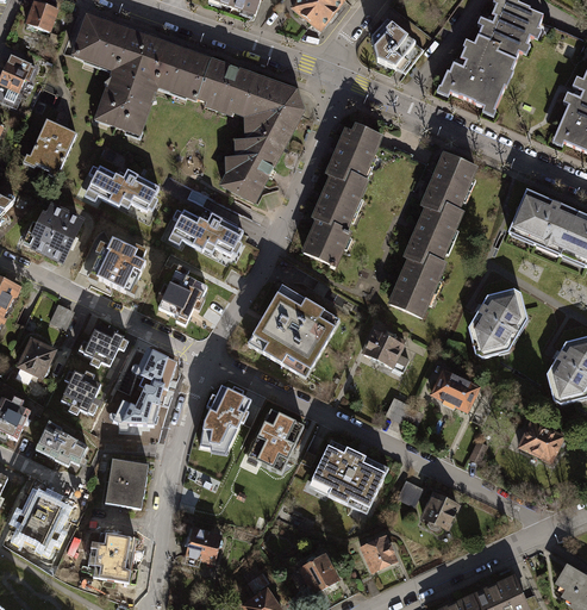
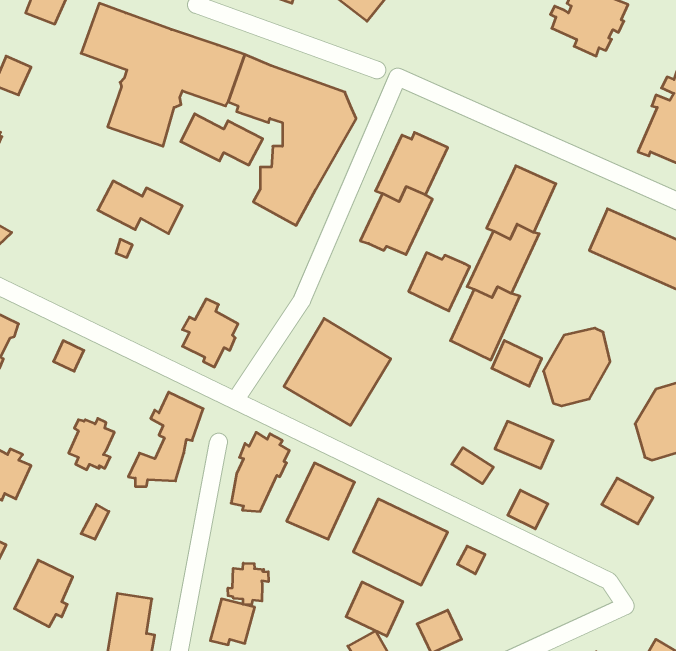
building: [369,20,421,71] -> none
building: [433,35,514,114] -> none
building: [23,119,76,179] -> none
building: [29,204,87,266] -> none
building: [171,208,242,253] -> [181,114,263,165]
building: [304,219,356,269] -> [409,253,470,311]
building: [87,238,148,294] -> none
building: [80,330,129,366] -> none
building: [362,330,405,369] -> [492,340,542,386]
building: [15,334,57,376] -> none
building: [38,427,75,462] -> none
building: [105,459,146,509] -> none
building: [421,492,456,525] -> [508,490,548,529]
building: none -> [228,563,268,605]
building: none -> [346,582,403,636]

